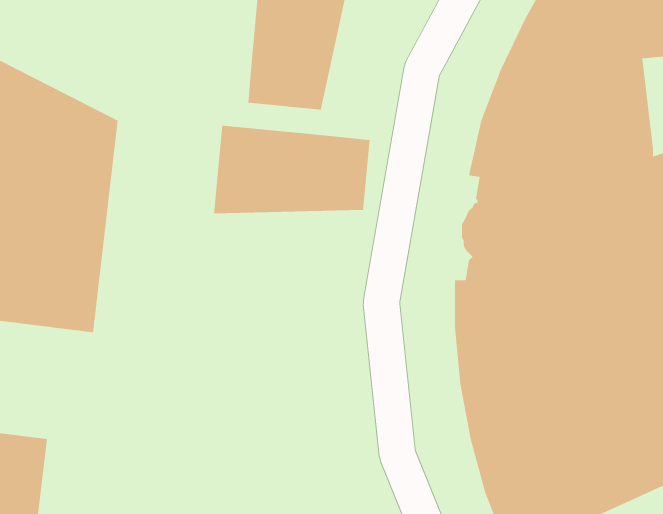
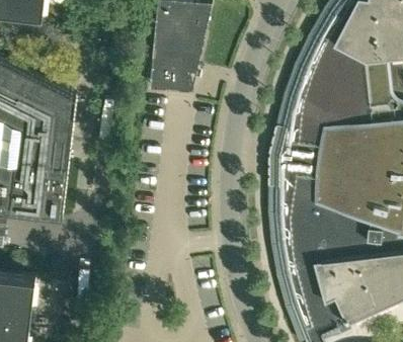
building: [213,125,370,214] -> none

